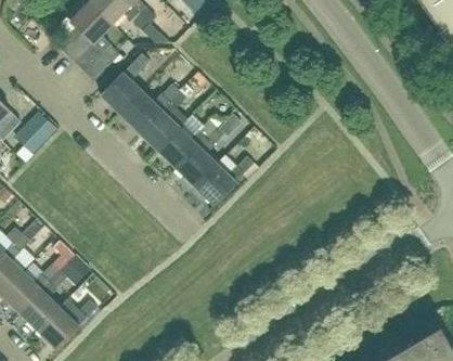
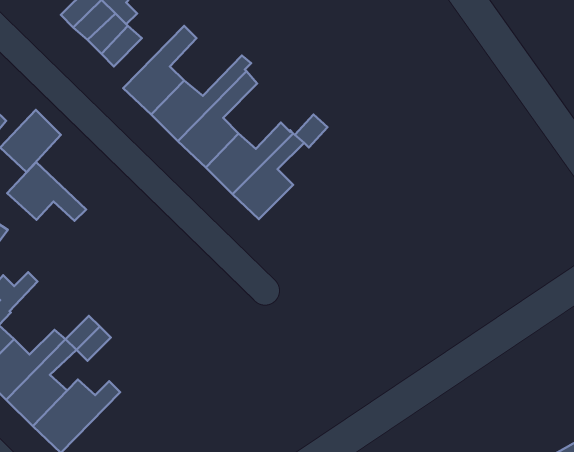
building: none -> [7,162,86,221]
building: [194,156,253,205] -> none

